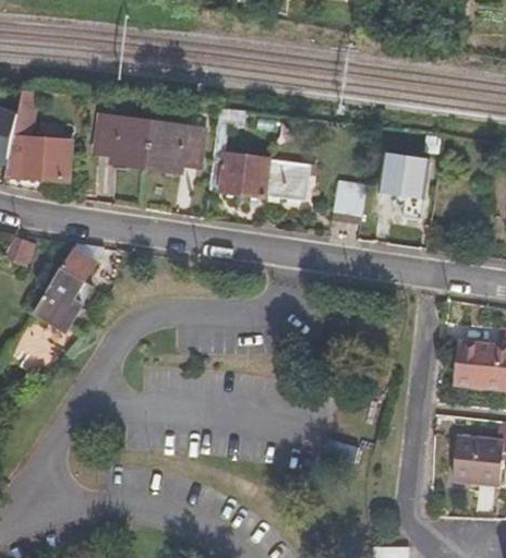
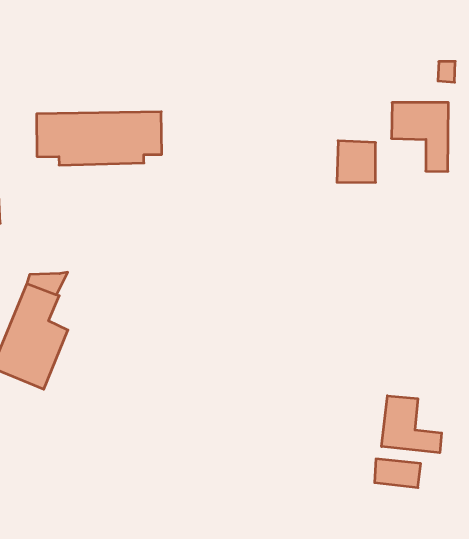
building: [209,105,310,198] -> none
building: none -> [382,396,442,453]

